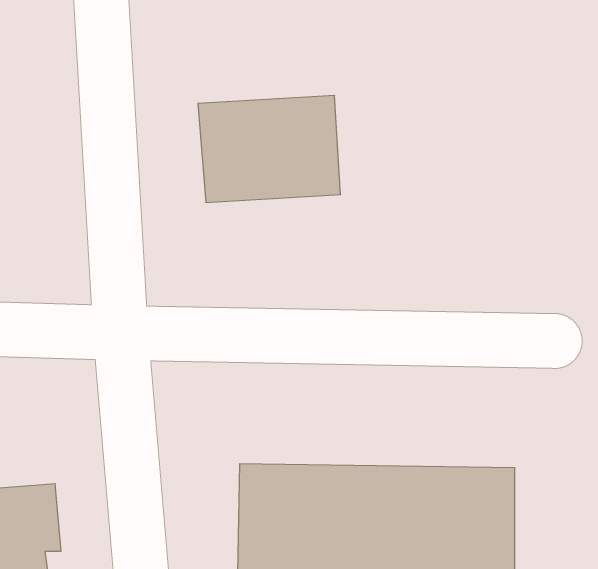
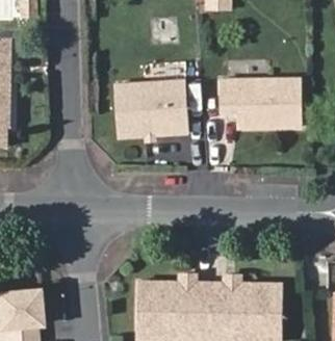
building: none -> [222,83,304,131]

